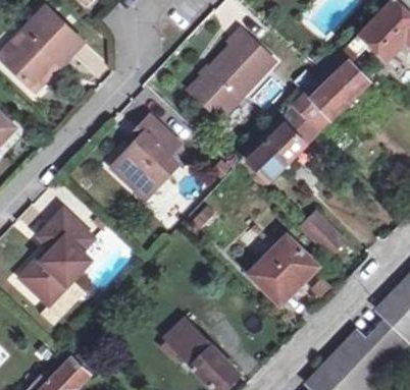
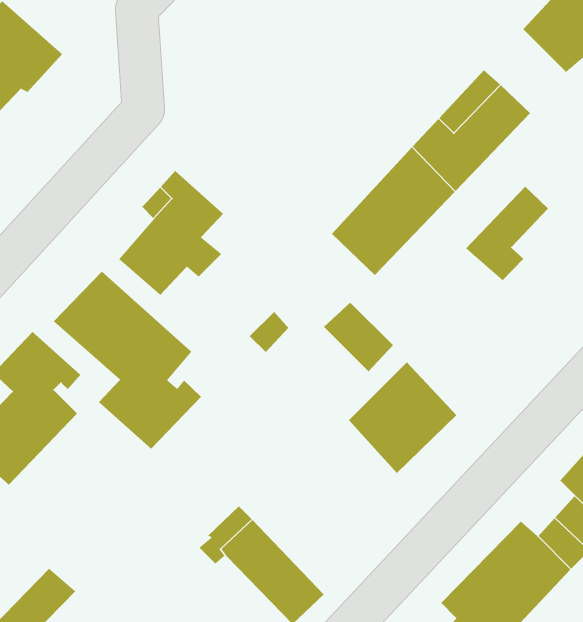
building: [193,32,277,122] -> none
building: none -> [465,186,549,281]
building: none -> [53,271,202,449]
building: [303,211,346,254] -> [323,302,394,372]

